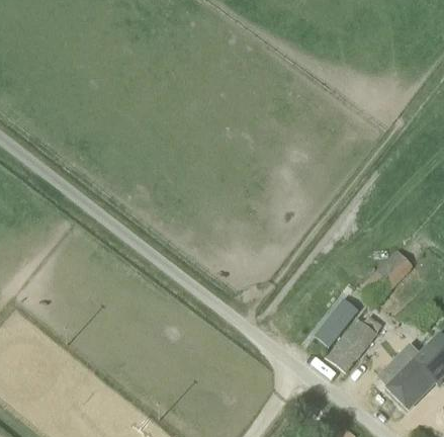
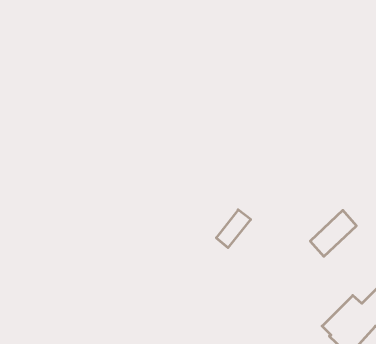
building: [318,301,356,344] -> [216,210,251,248]
building: [329,315,379,369] -> none

